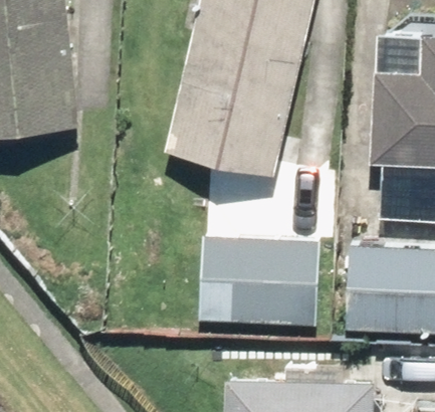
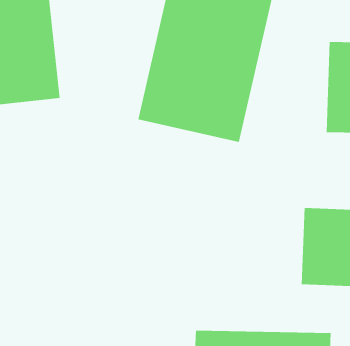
building: [197,235,323,329] -> none

